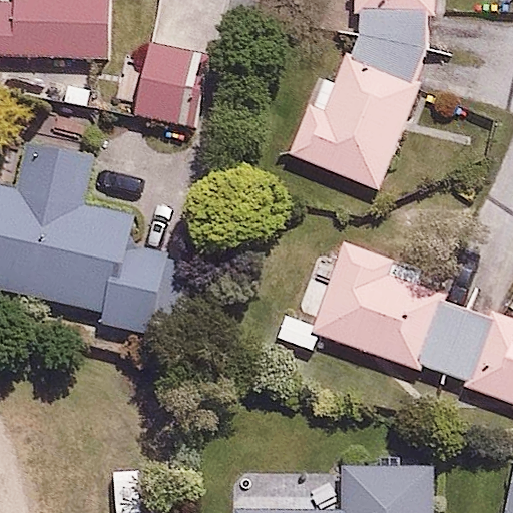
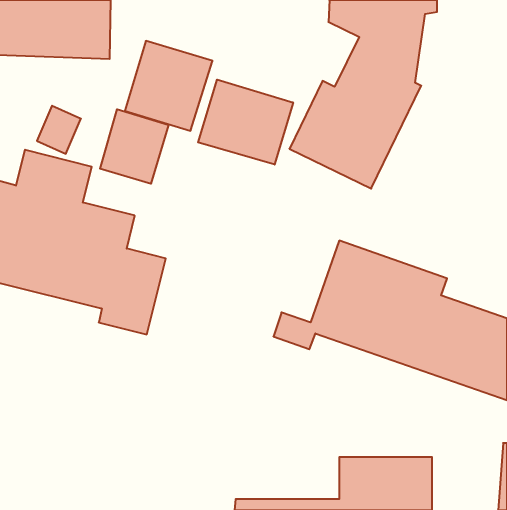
building: none -> [198,80,293,165]
building: none -> [100,109,169,184]

